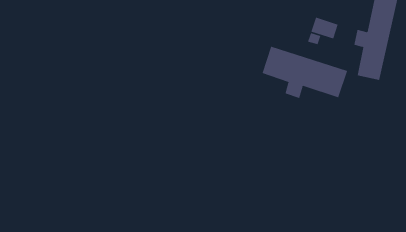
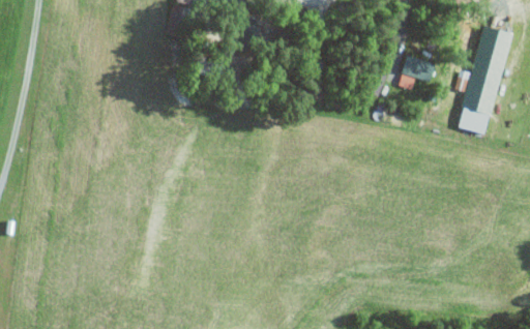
building: [262,46,348,99] -> none

